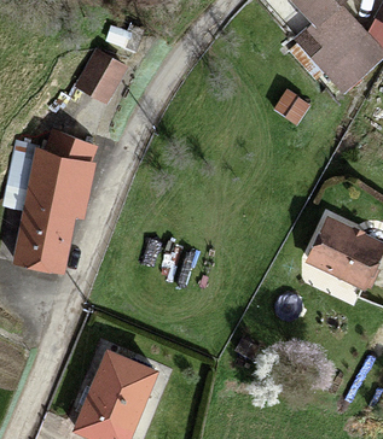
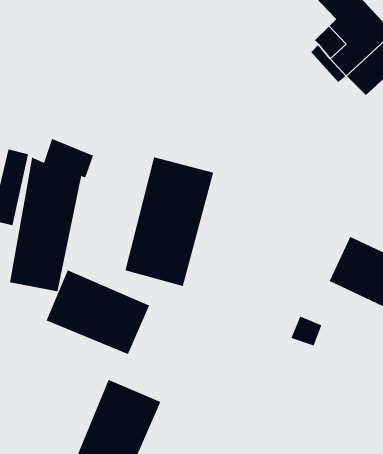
building: [81,54,126,100] -> none
building: none -> [125,156,214,287]
building: none -> [46,269,150,355]

